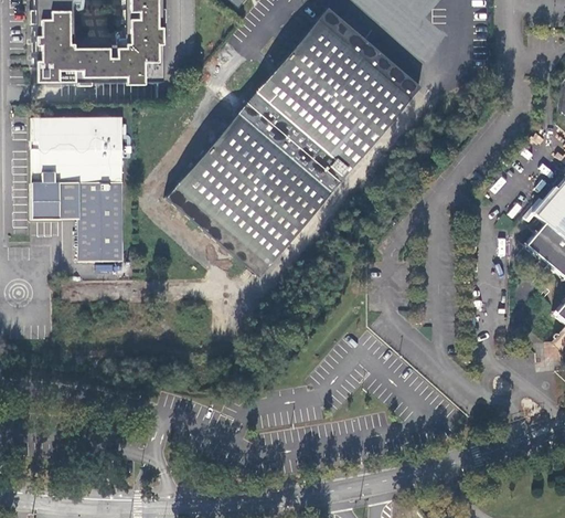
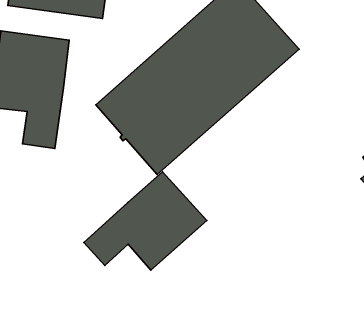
building: none -> [84,172,207,270]

